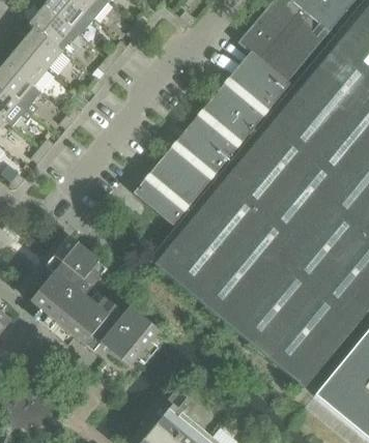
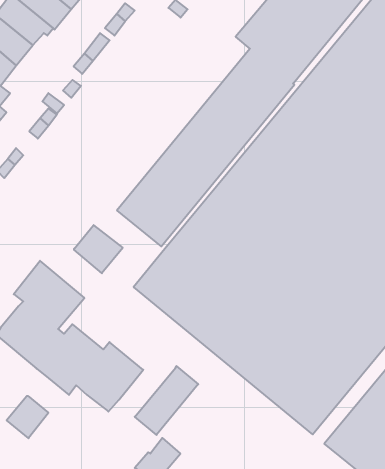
building: none -> [74,225,123,273]
building: none -> [135,366,198,435]
building: none -> [7,396,48,438]

